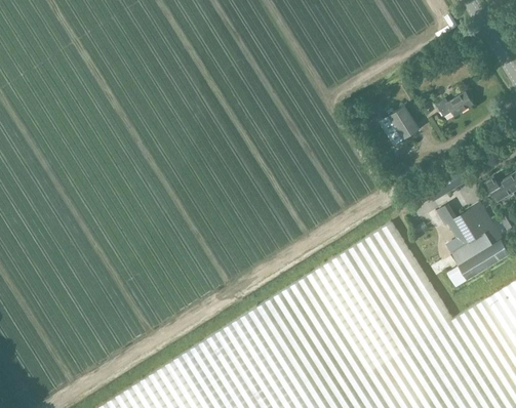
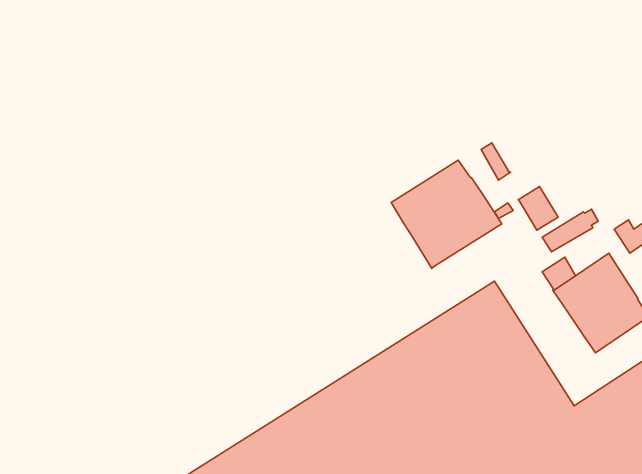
building: [435,91,473,116] -> none
building: [388,106,419,139] -> [518,186,558,230]
building: none -> [391,160,502,268]

